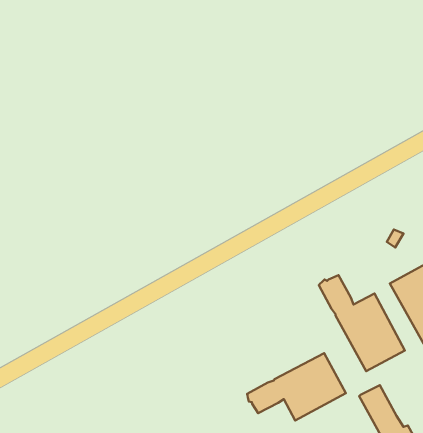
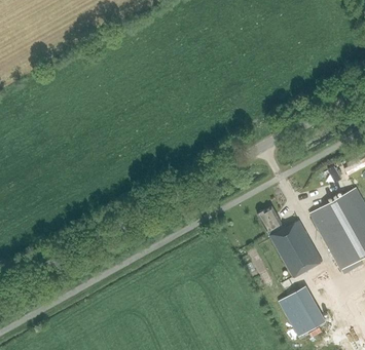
building: [247,353,346,420] -> none

